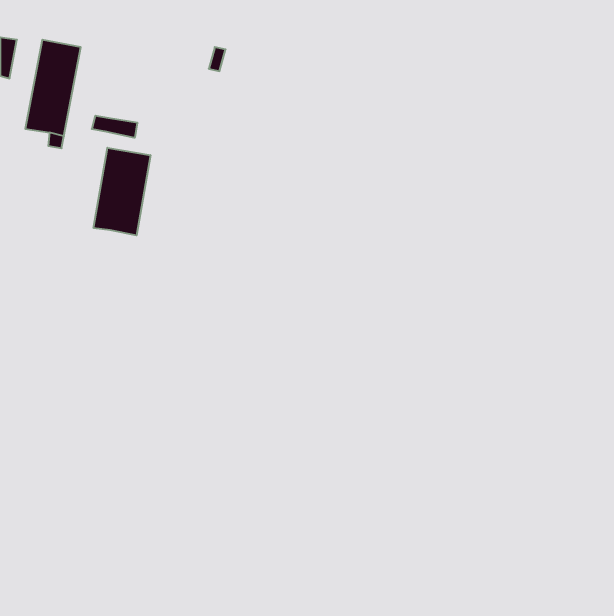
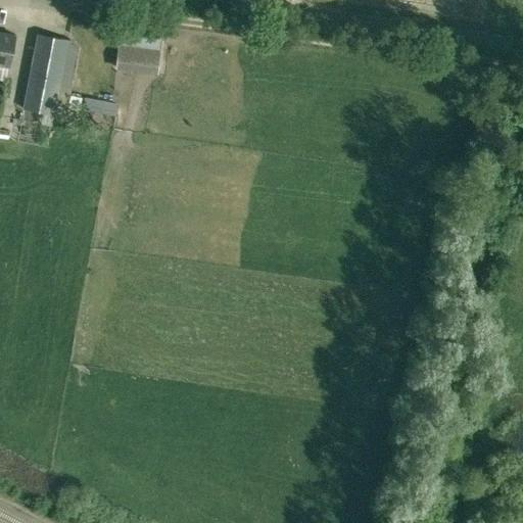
building: none -> [117,46,160,72]
building: [94,148,150,235] -> none

